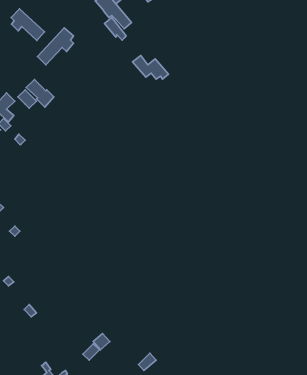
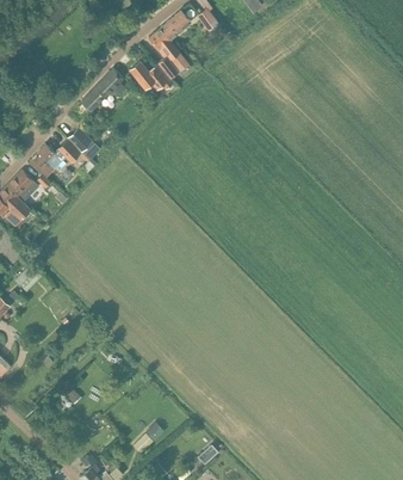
building: [11,9,44,40] -> none
building: [132,56,169,79] -> [130,62,172,90]

